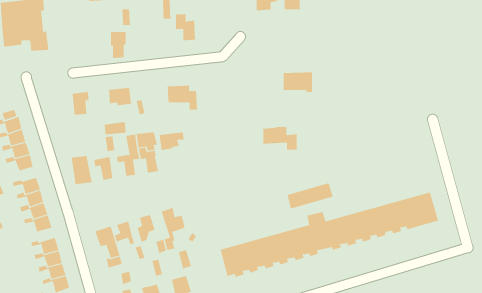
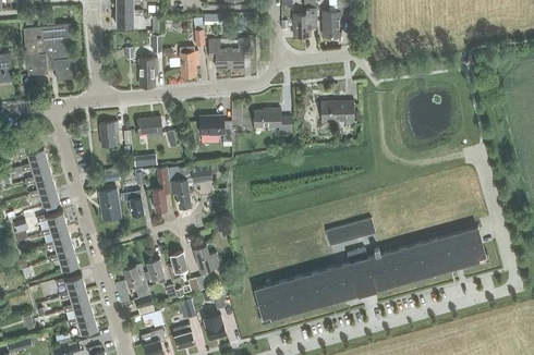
building: none -> [229,39,250,68]
building: none -> [179,47,198,76]
building: [262,126,298,150] -> [254,109,291,134]

